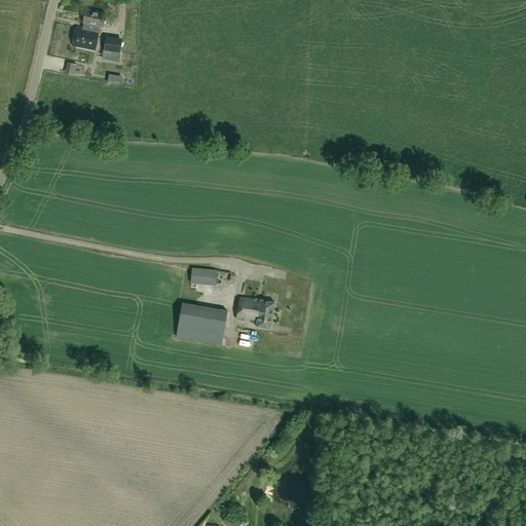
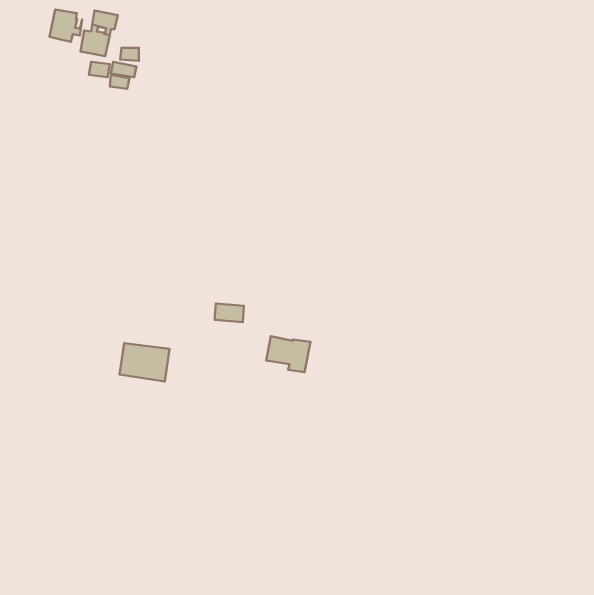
building: none -> [50,9,82,42]
building: [183,309,227,343] -> [119,343,170,382]

